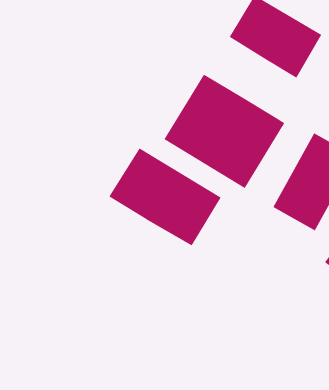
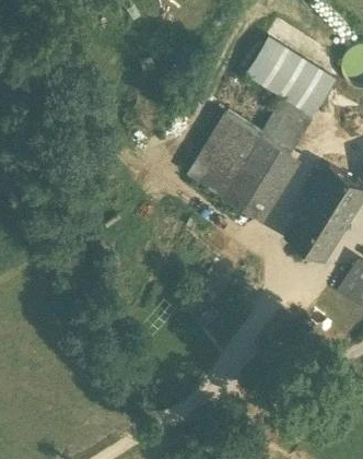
building: none -> [261,101,312,155]
building: [109,148,221,246] -> none

